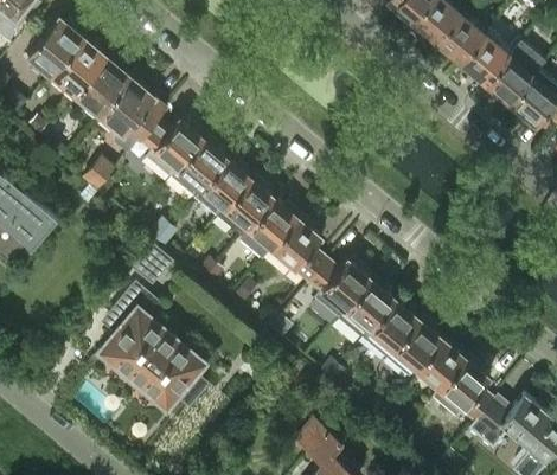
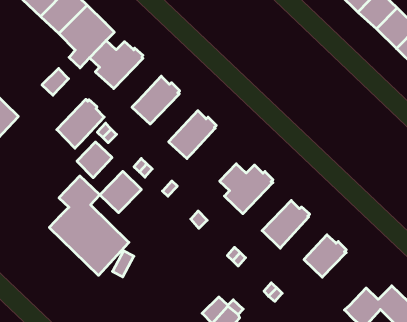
building: [171,139,228,199] -> [57,99,104,148]
building: [218,178,275,238] -> none
building: [271,218,326,282] -> none
building: none -> [100,171,141,213]
building: [338,278,396,339] -> none
building: [386,319,442,379] -> none
building: [433,358,494,423] -> none

